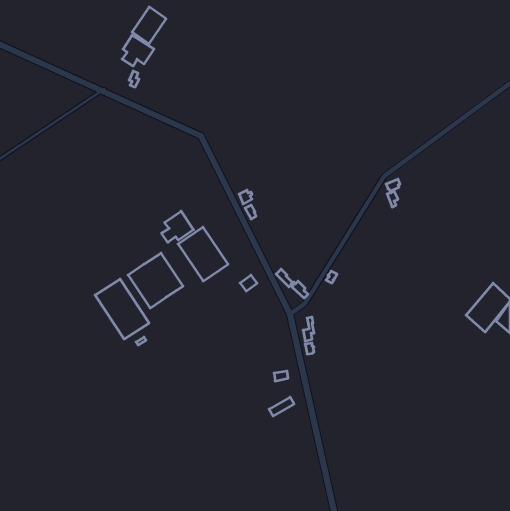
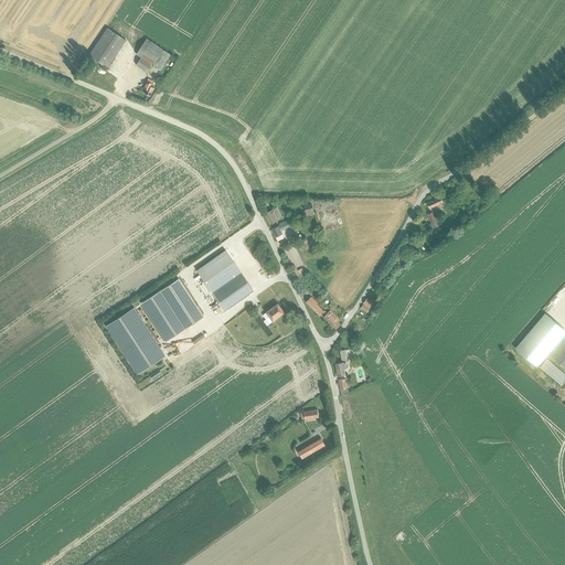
building: [132,7,166,44] -> [87,28,125,68]
building: [162,211,194,242] -> none

